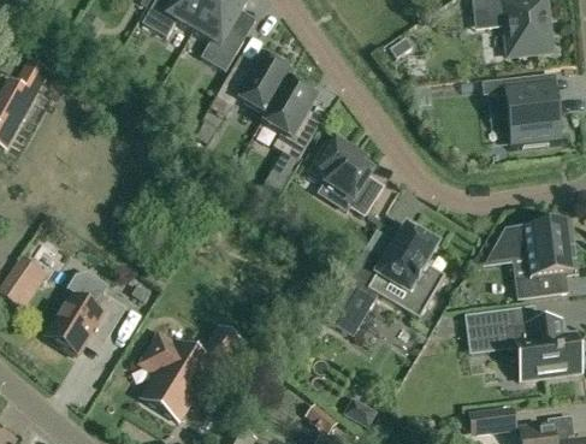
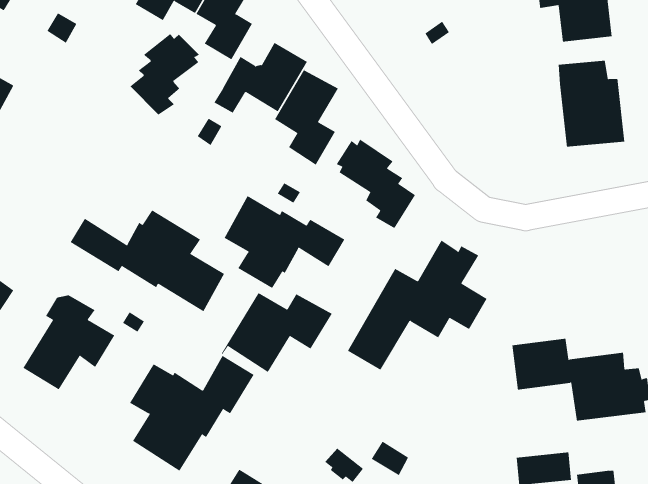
building: none -> [129,33,200,116]
building: none -> [224,195,345,289]
building: none -> [70,209,225,312]
building: [484,224,578,297] -> none
building: none -> [221,292,332,373]

